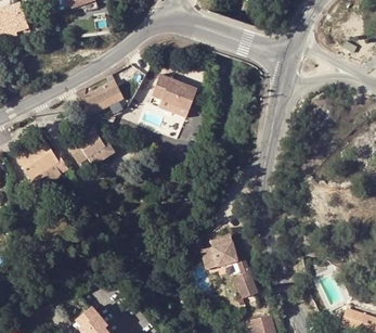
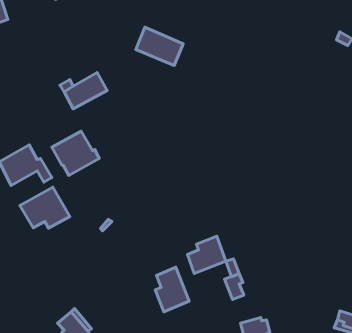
building: [152,73,197,110] -> [136,27,183,65]
building: none -> [20,187,70,228]
building: none -> [155,267,189,312]

